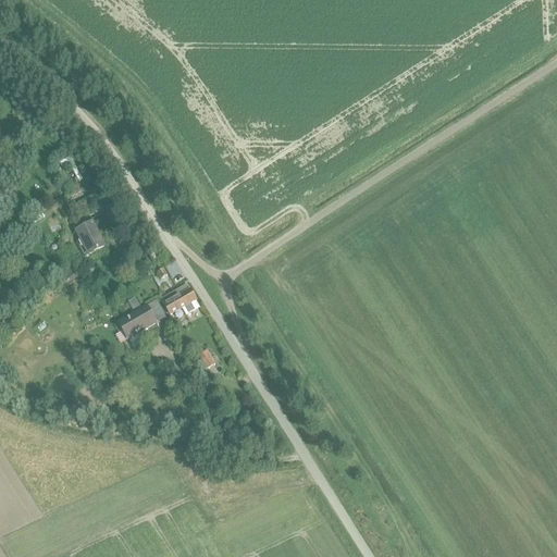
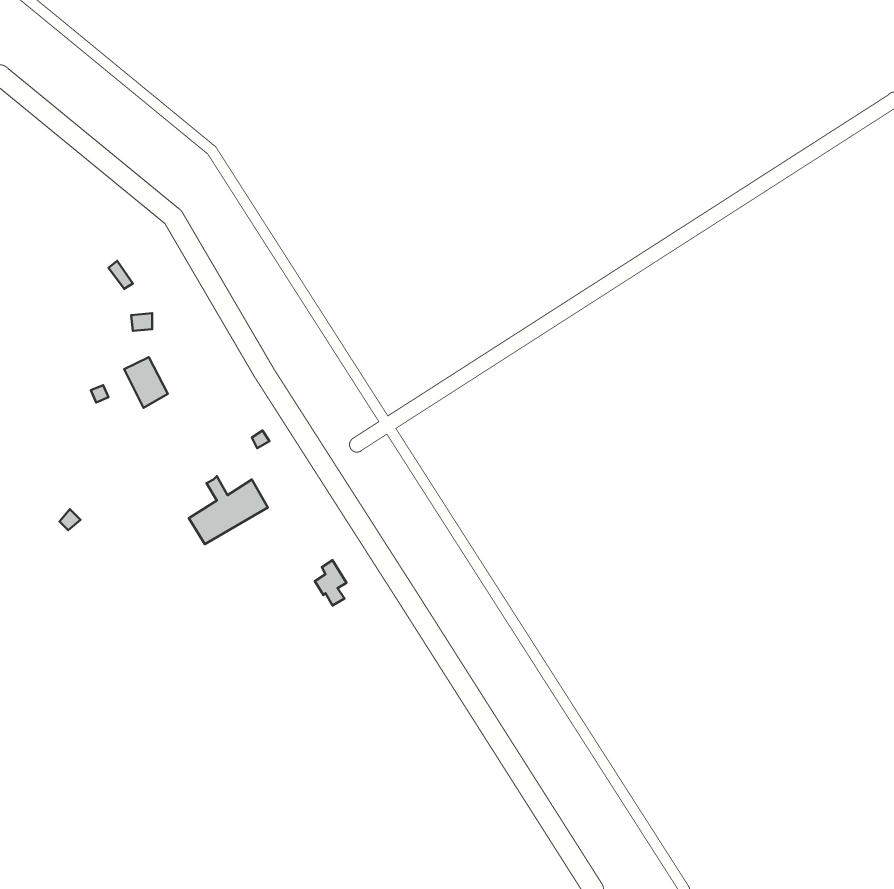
building: [161,283,200,313] -> none

